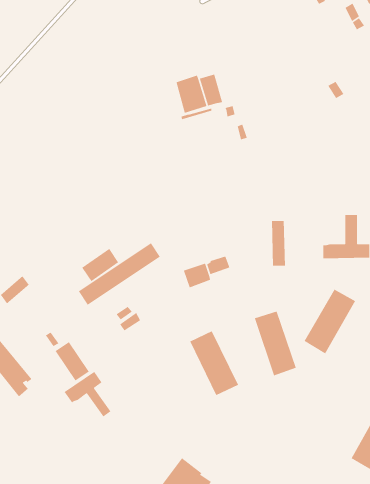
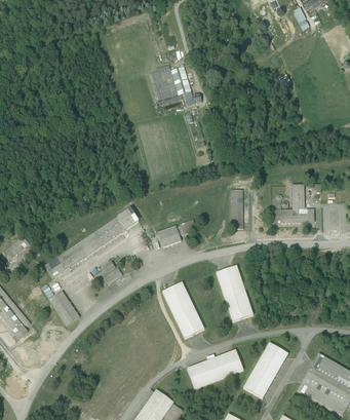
building: [81,248,119,282] -> [45,250,77,278]
building: [304,288,356,354] -> [243,343,287,398]
building: [64,371,112,418] -> none
building: none -> [187,350,243,388]

